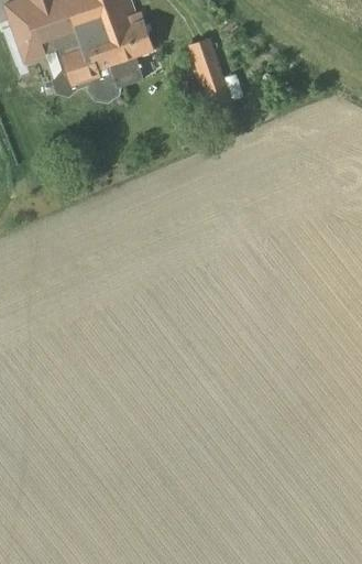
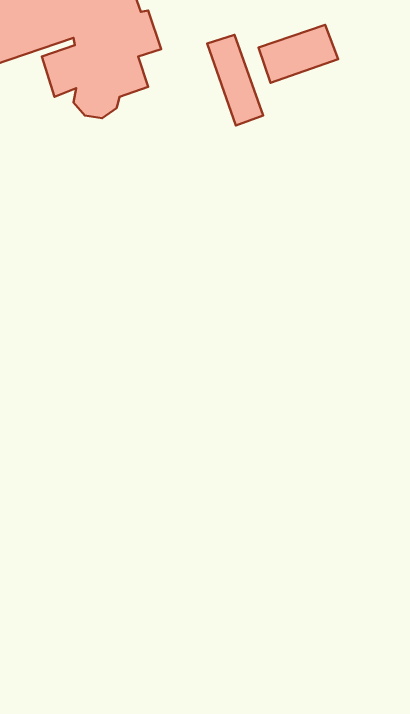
building: none -> [258,25,338,83]

